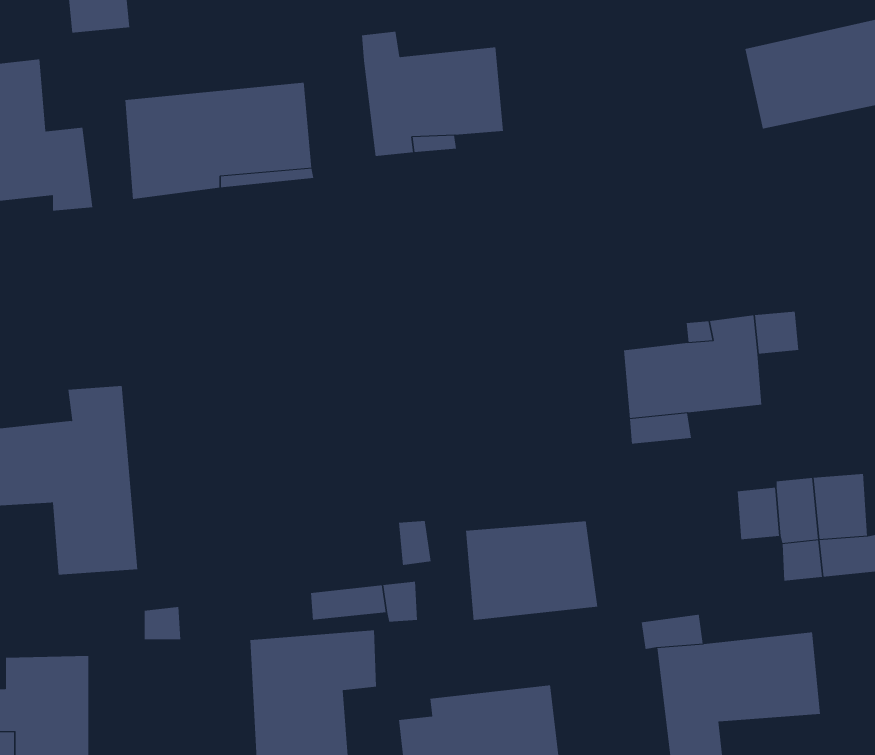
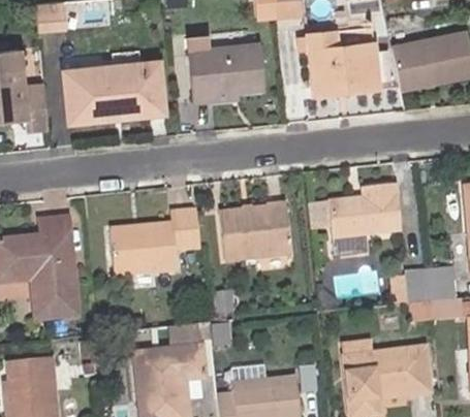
building: none -> [312,27,387,87]
building: none -> [104,213,195,277]
building: [465,521,598,621] -> [217,208,287,261]

